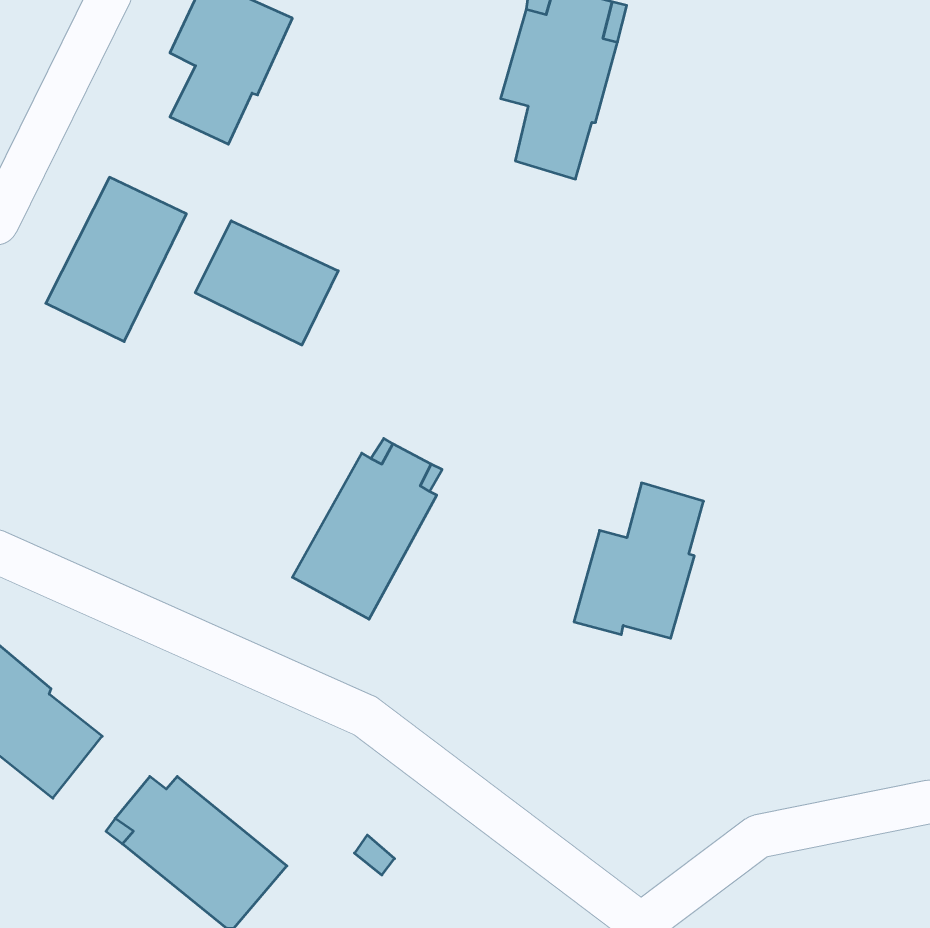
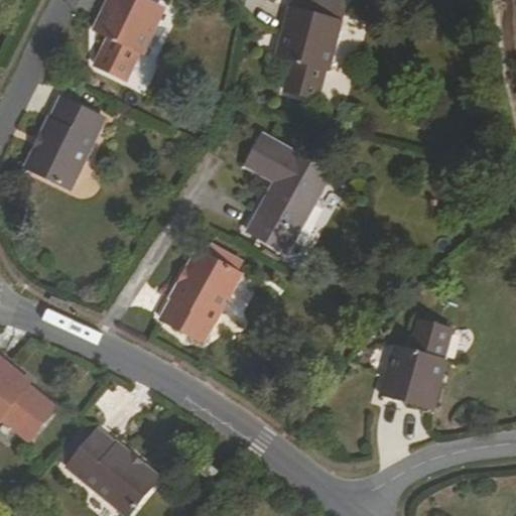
building: [195,221,338,345] -> none
building: none -> [244,133,331,252]
building: [574,483,704,638] -> [380,318,452,404]

